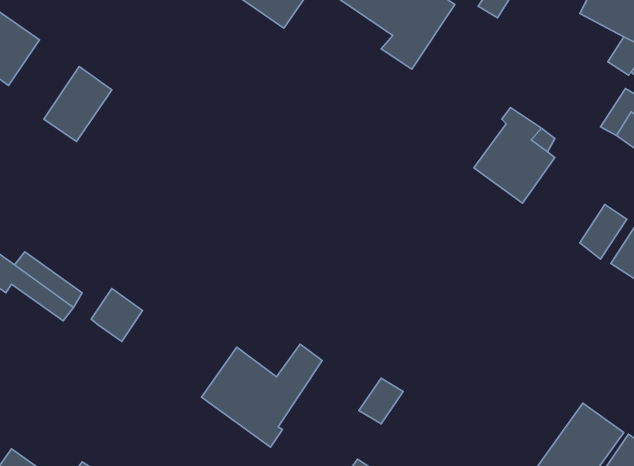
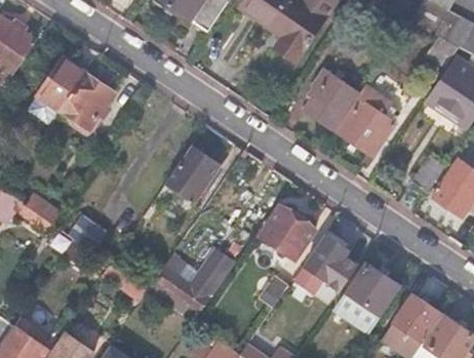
building: none -> [305,72,355,128]
building: none -> [61,74,114,130]
building: none -> [166,145,220,201]
building: none -> [263,206,316,258]
building: none -> [307,235,349,279]
building: none -> [342,263,400,323]

